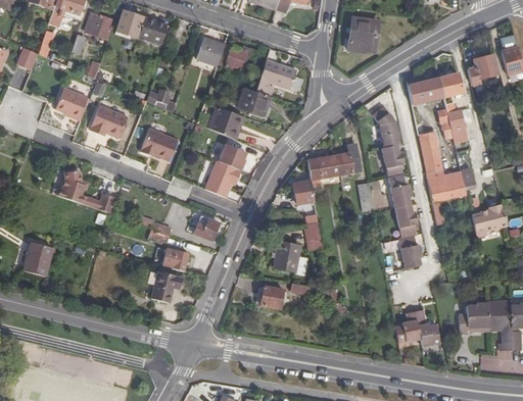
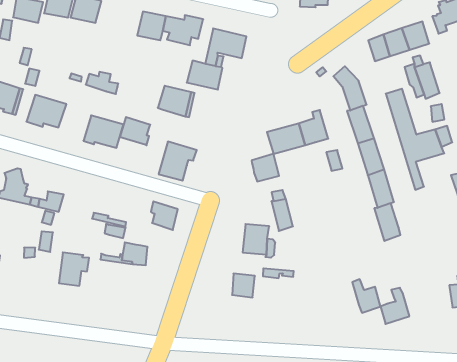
building: [220,143,248,170] -> [120,117,150,145]
building: [153,270,183,302] -> [59,252,89,286]
building: [417,315,440,346] -> [352,279,380,313]

